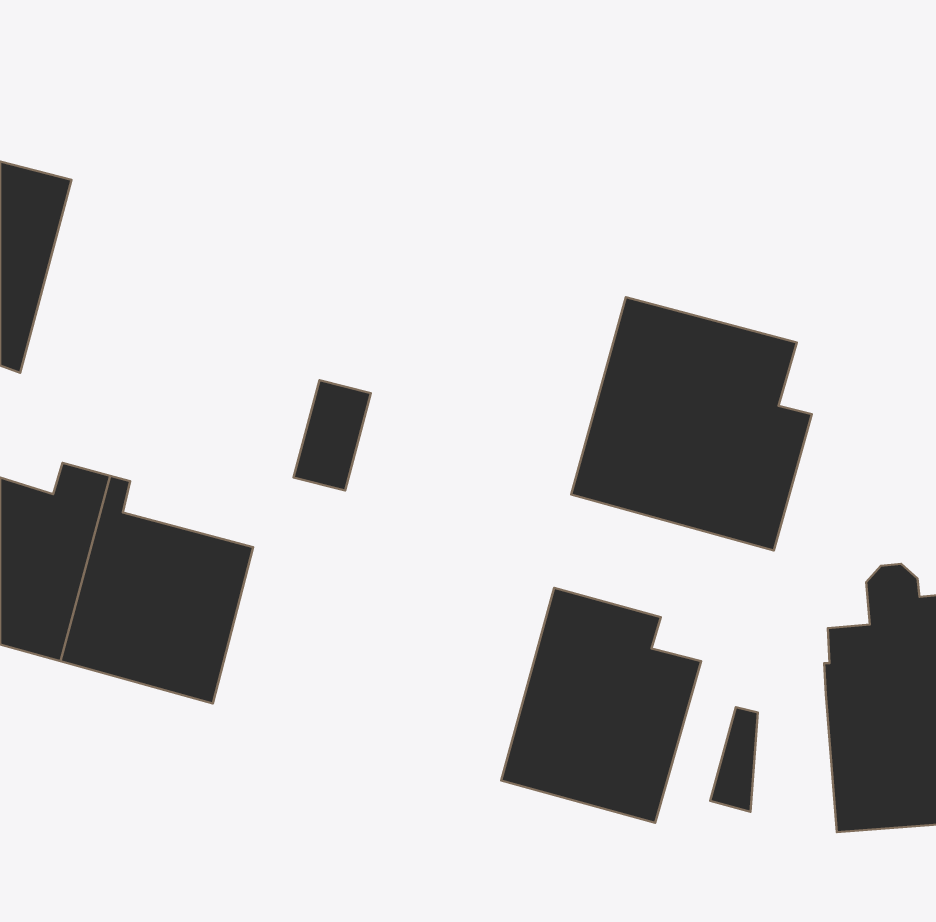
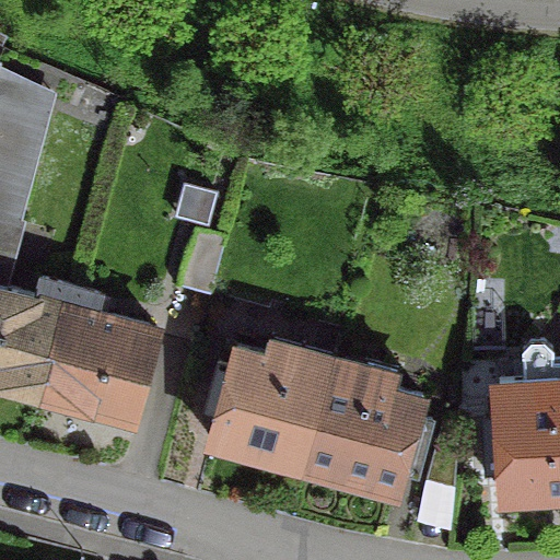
building: [571,297,812,551] -> none
building: none -> [207,342,331,475]

